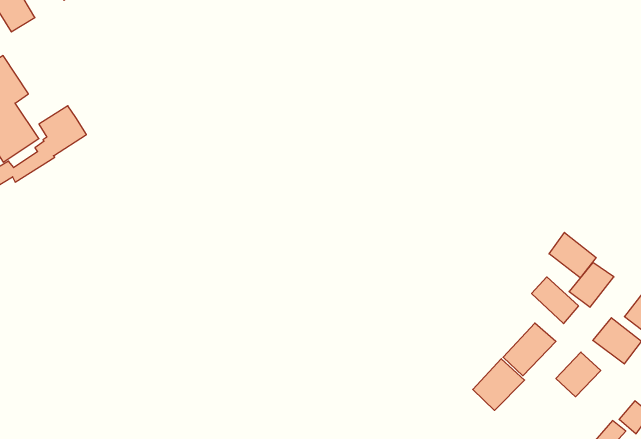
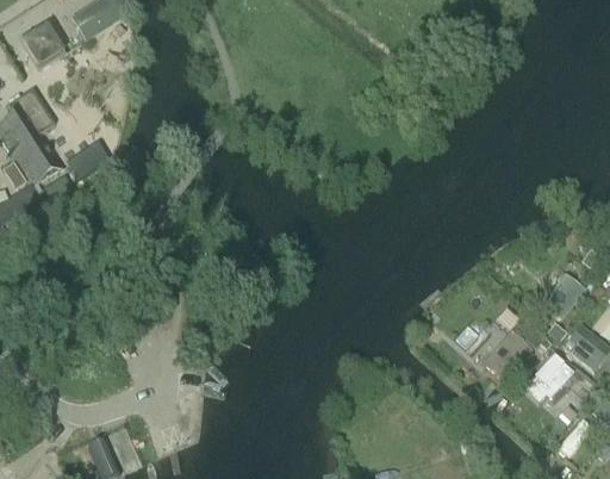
building: [549,232,596,278] -> none
building: [532,277,578,324] -> none
building: [473,359,525,410] -> none

